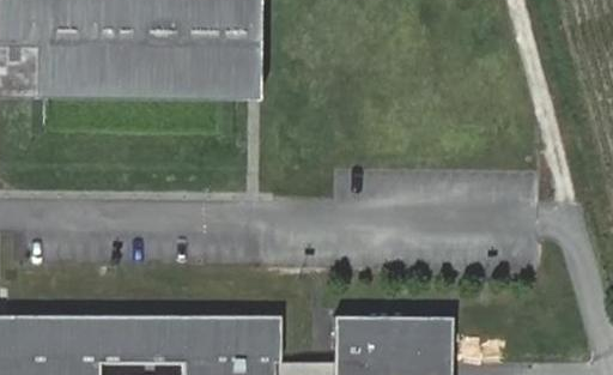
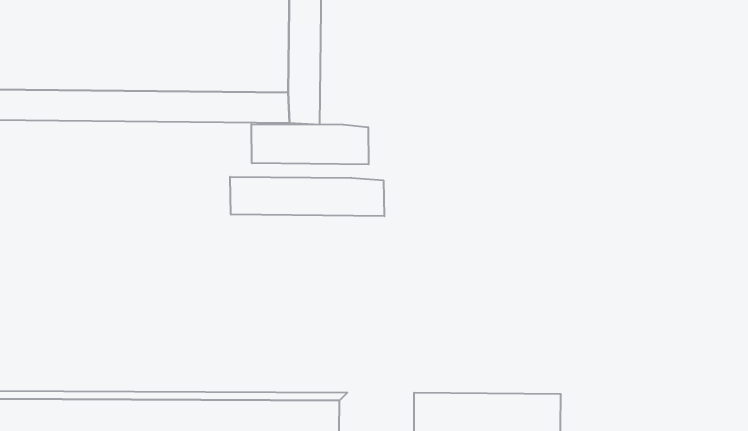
building: none -> [251,124,369,164]
building: none -> [230,177,384,216]

